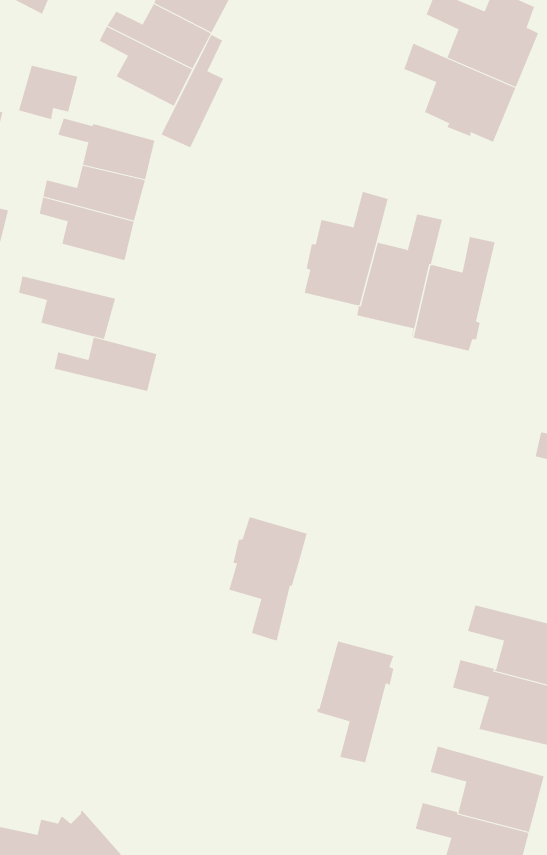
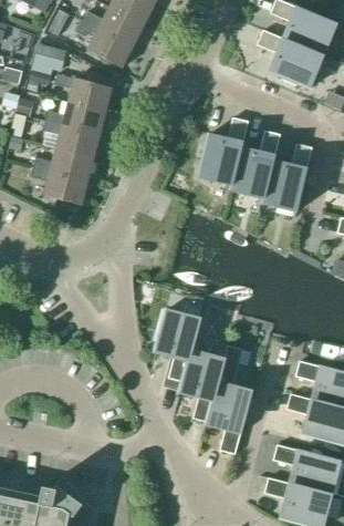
building: [161,34,224,148] -> none
building: [54,337,157,391] -> [32,148,93,181]
building: none -> [179,331,228,422]

